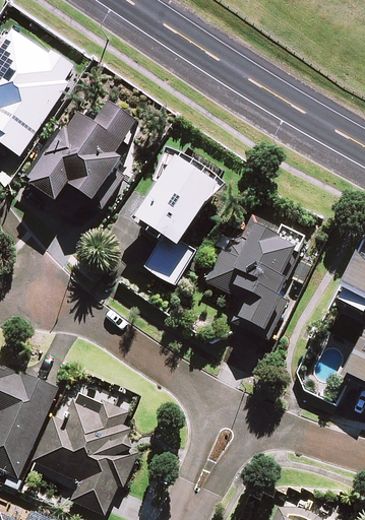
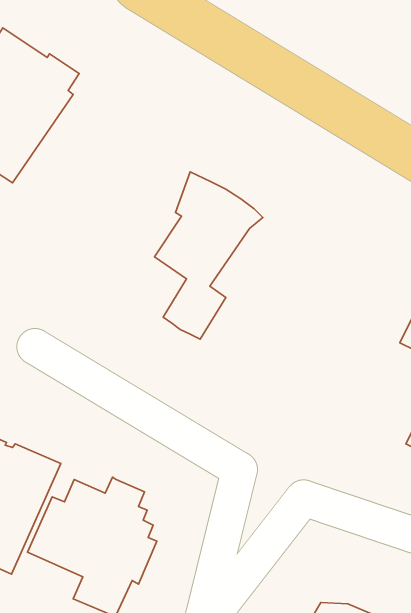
building: [29,104,136,209] -> none
building: [202,214,304,340] -> none

